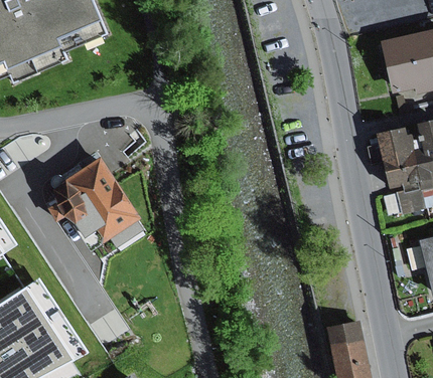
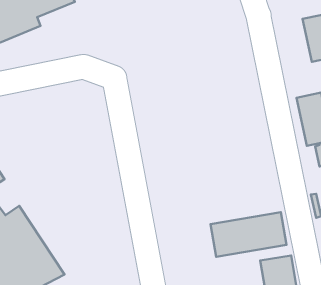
building: [52,151,146,245] -> none
building: none -> [211,212,286,257]

